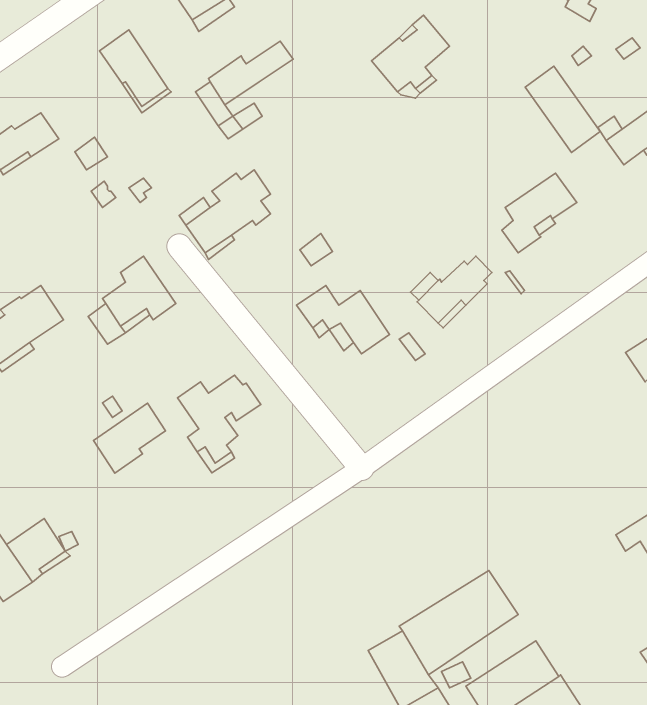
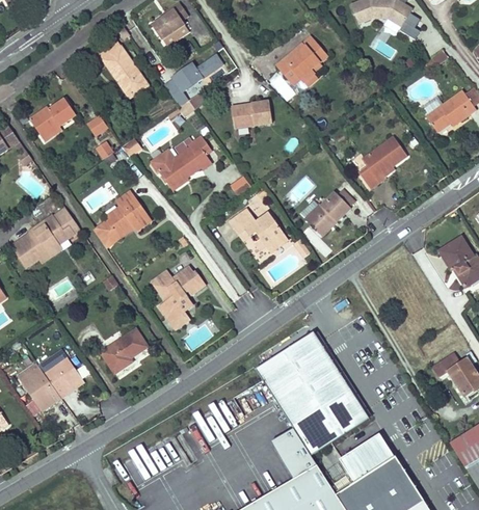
building: [525,66,600,152] -> none
building: none -> [232,102,272,129]
building: [94,403,165,473] -> [101,328,147,373]
building: none -> [259,333,351,426]

